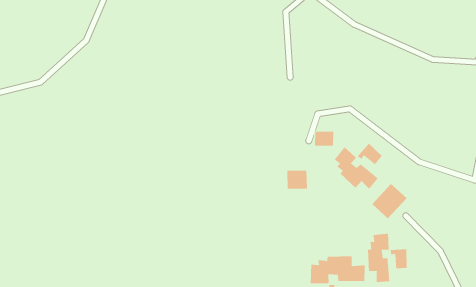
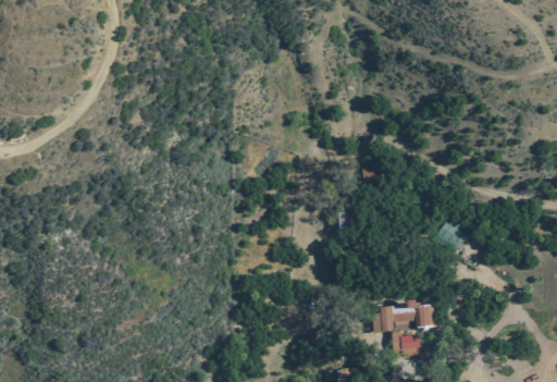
building: [334,143,383,190] -> none
building: [368,233,407,283] -> none

